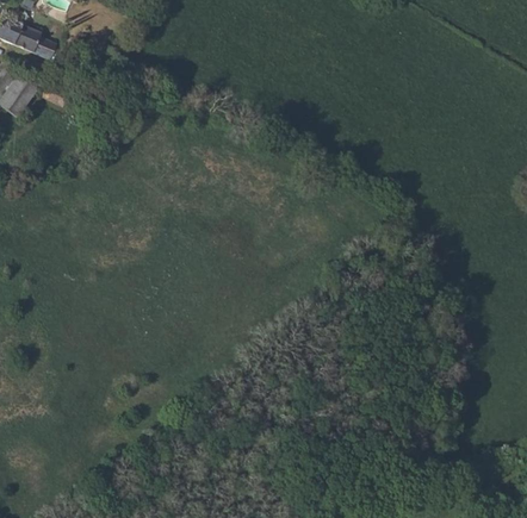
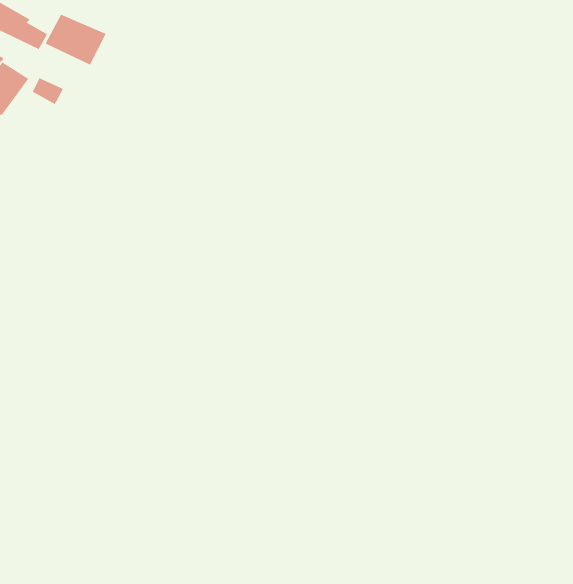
building: none -> [45,14,107,66]

